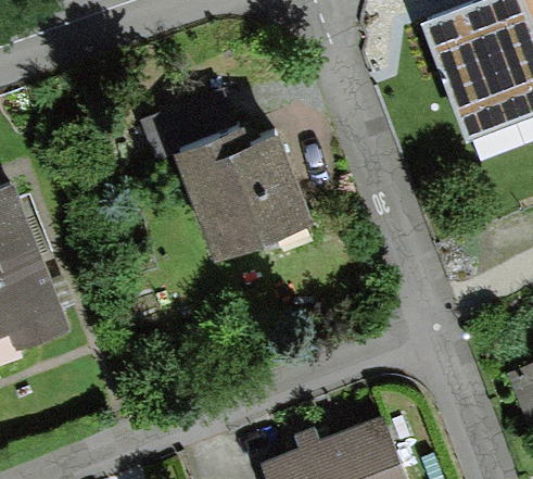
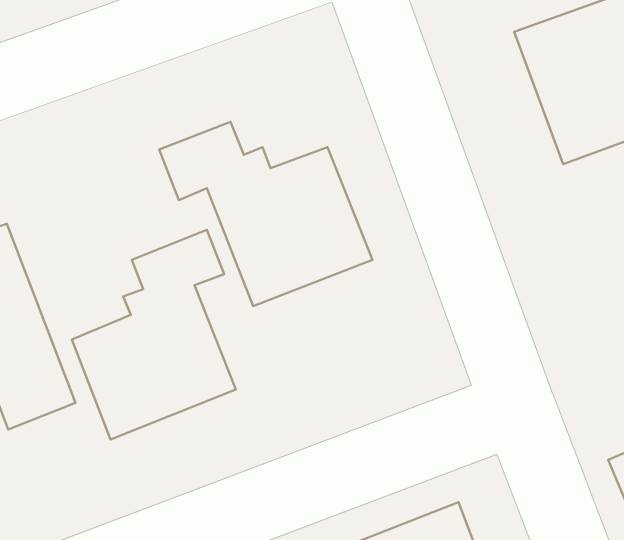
building: none -> [72,230,236,439]

